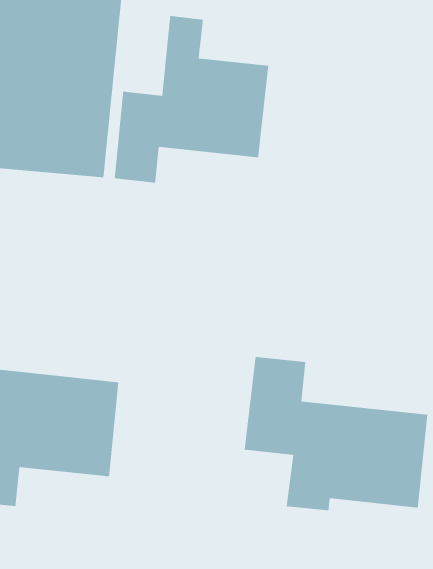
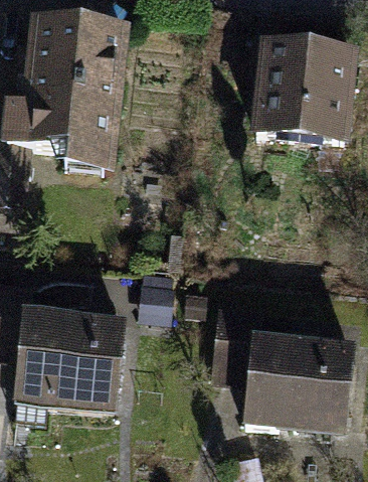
building: none -> [251,43,351,136]
building: [114,15,269,183] -> none

